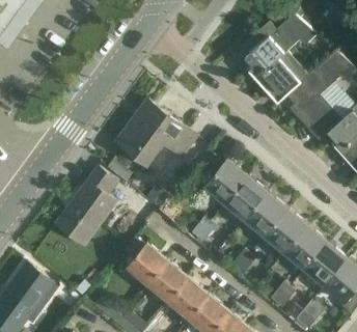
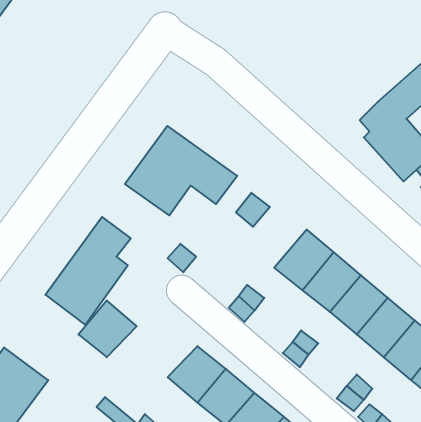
building: [241,13,317,104] -> none
building: [204,159,248,203] -> none
building: [126,242,168,283] -> [78,300,137,357]

